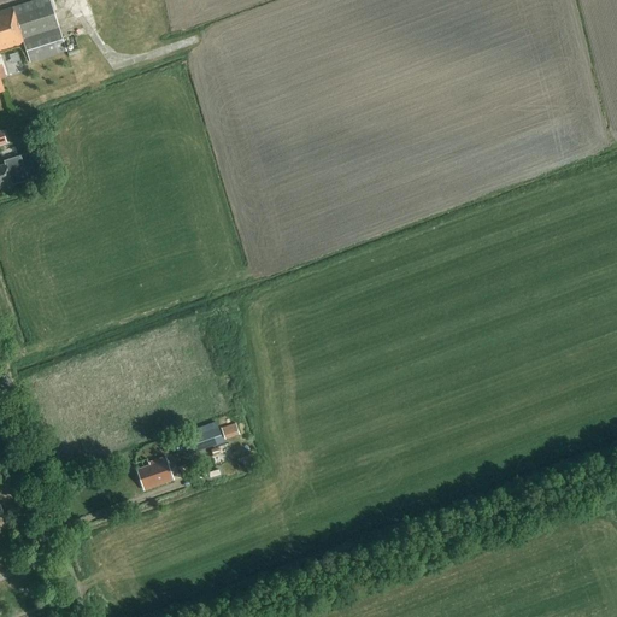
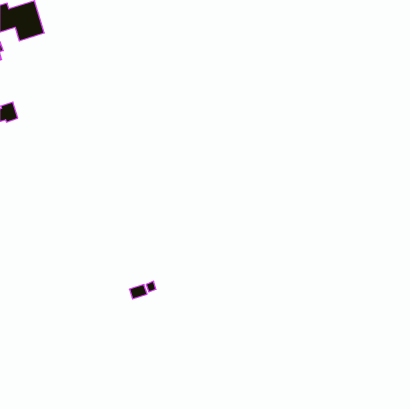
building: [135,454,172,488] -> none

